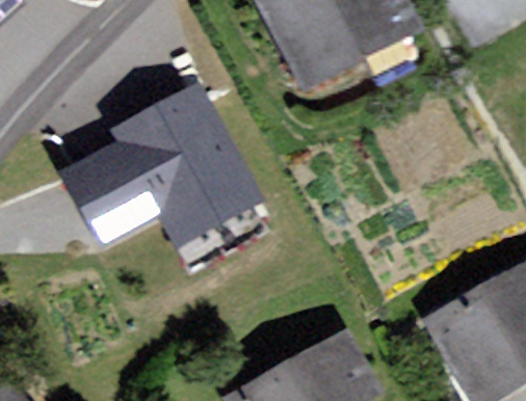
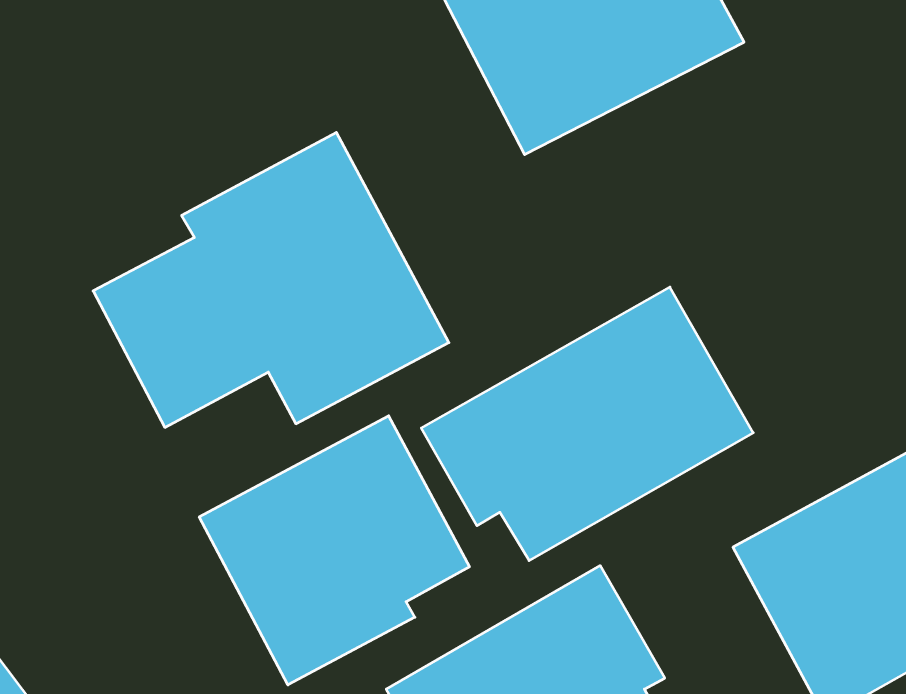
building: none -> [421,287,753,561]
building: none -> [199,416,469,685]

